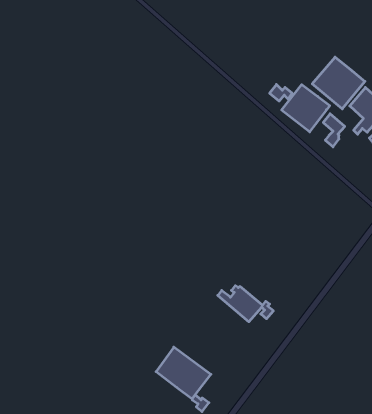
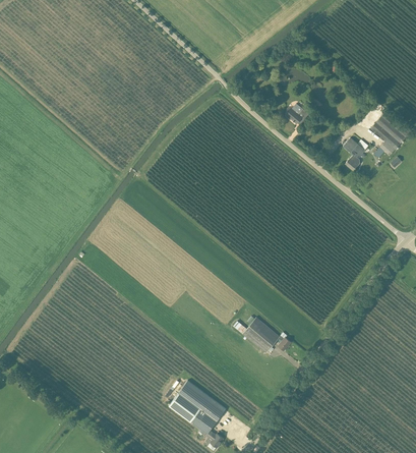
building: [312,57,365,109] -> none
building: [282,85,330,132] -> none

